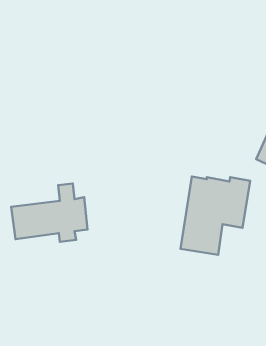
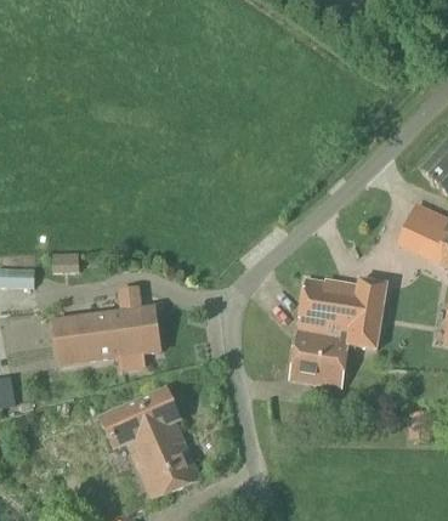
building: none -> [100,389,199,498]

